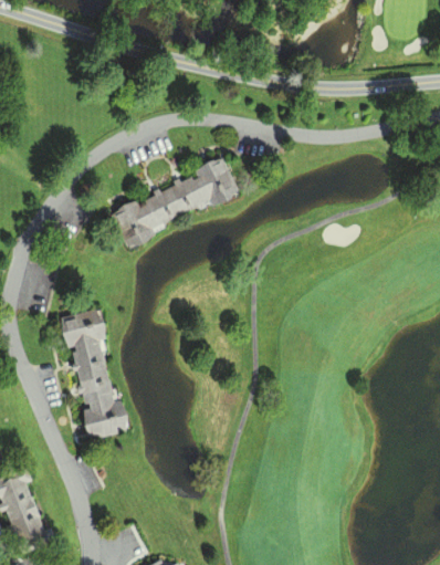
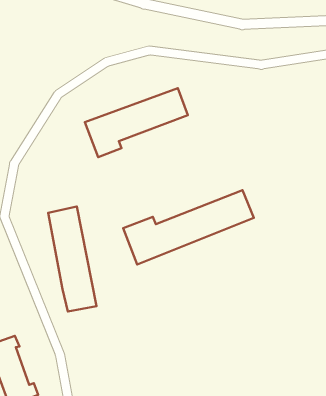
building: none -> [123,190,254,265]

